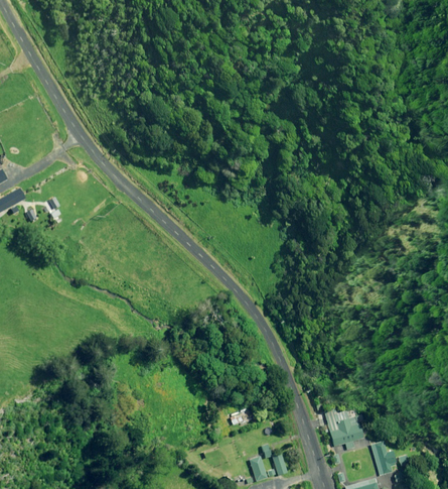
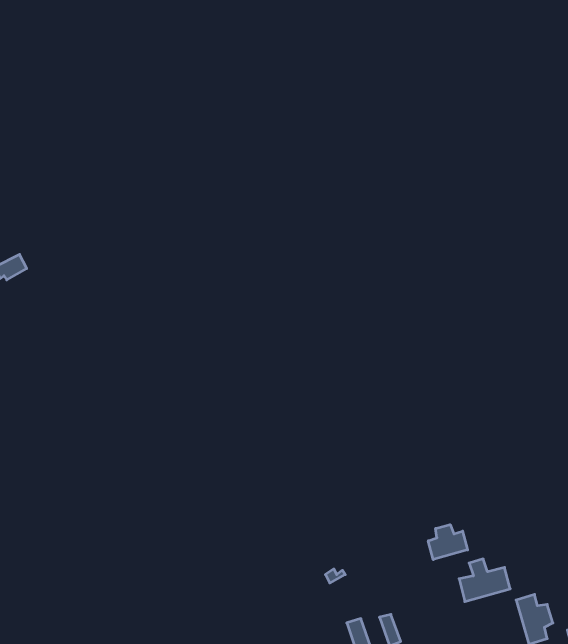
building: none -> [428,525,468,560]

